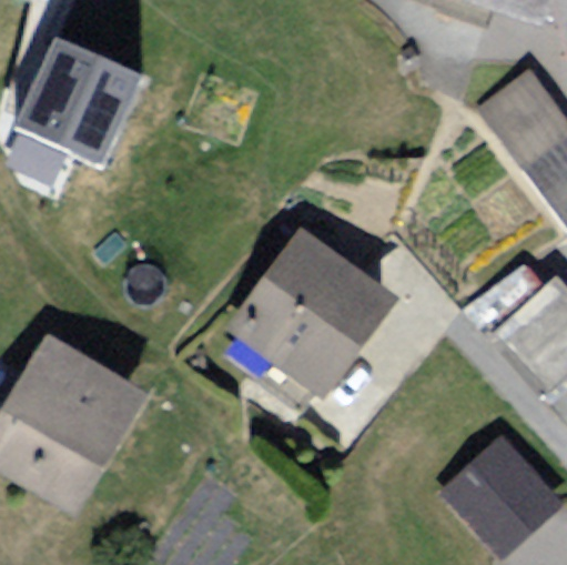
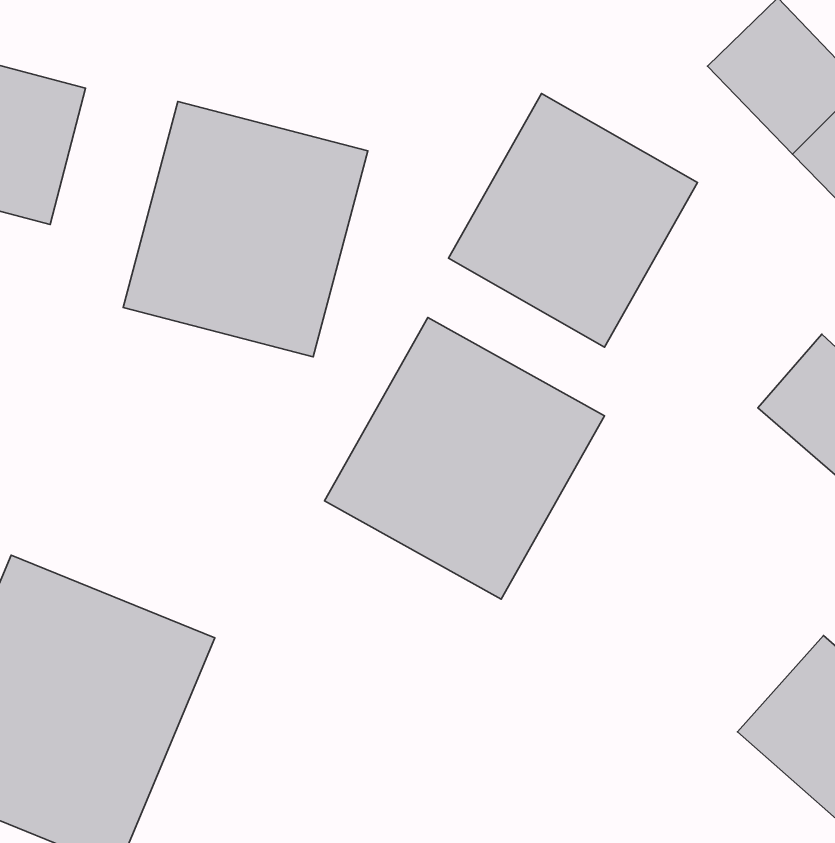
building: none -> [123,101,368,357]
building: none -> [449,94,697,347]

